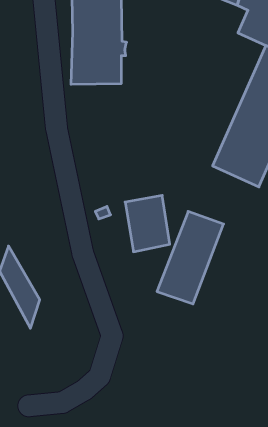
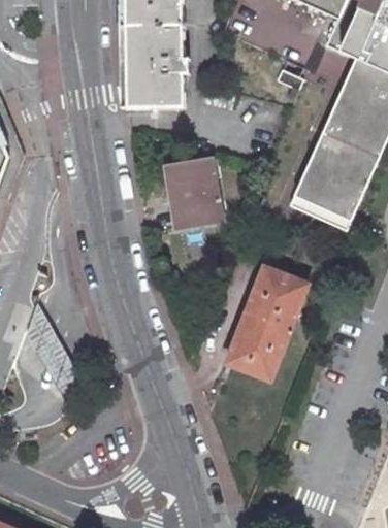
building: [125,195,170,252] -> [162,158,217,227]

